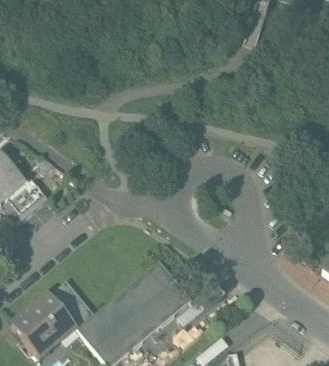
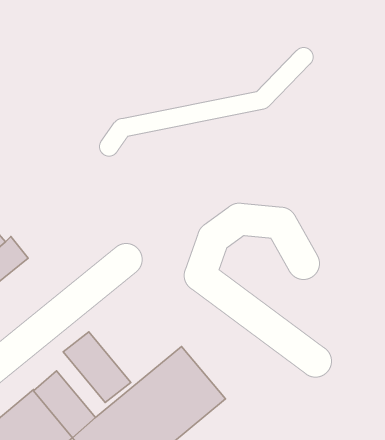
building: none -> [63,332,131,403]

